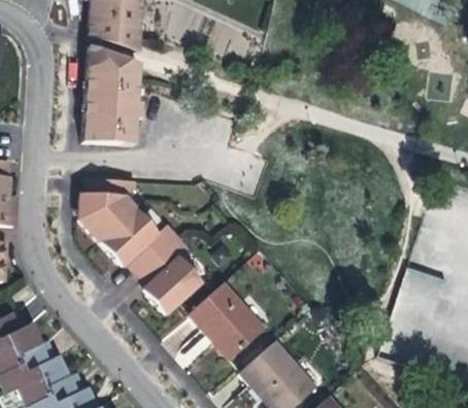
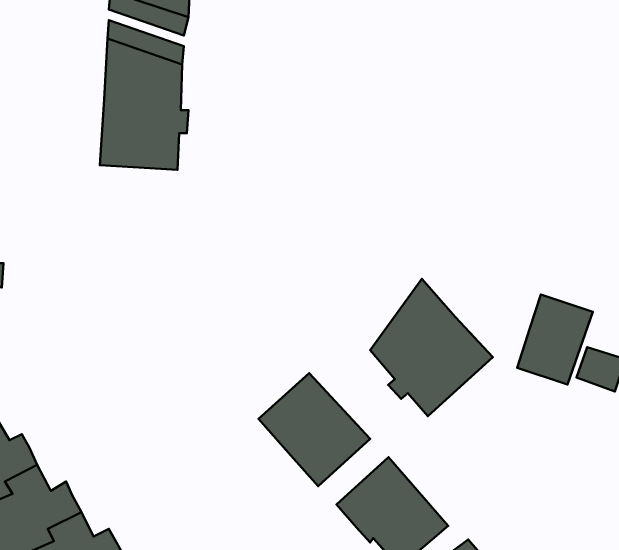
building: [78,178,202,314] -> none
building: none -> [370,279,493,416]
building: none -> [517,294,593,385]

